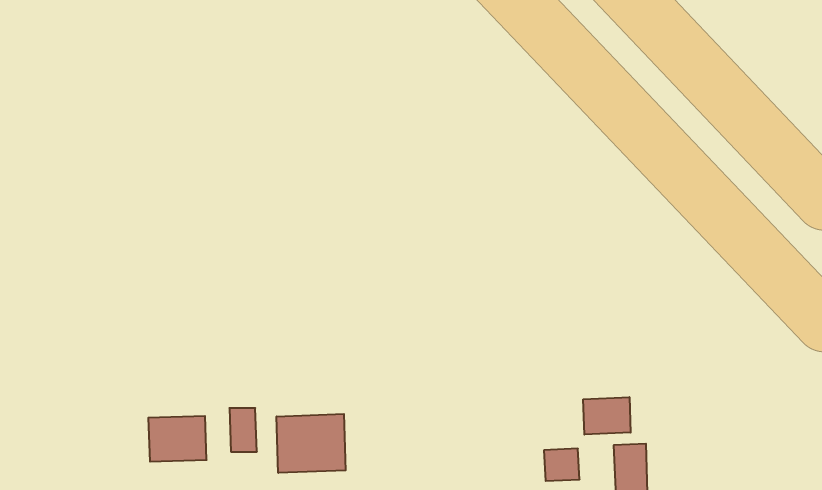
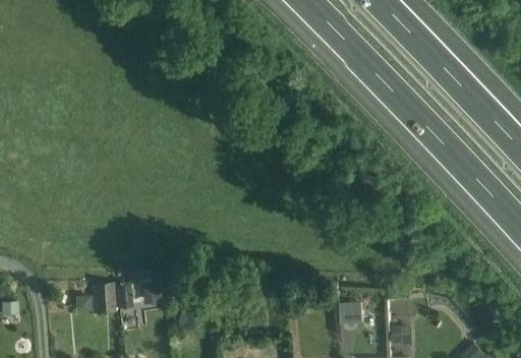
building: [583,397,631,435] -> none
building: [277,414,346,473] -> none

